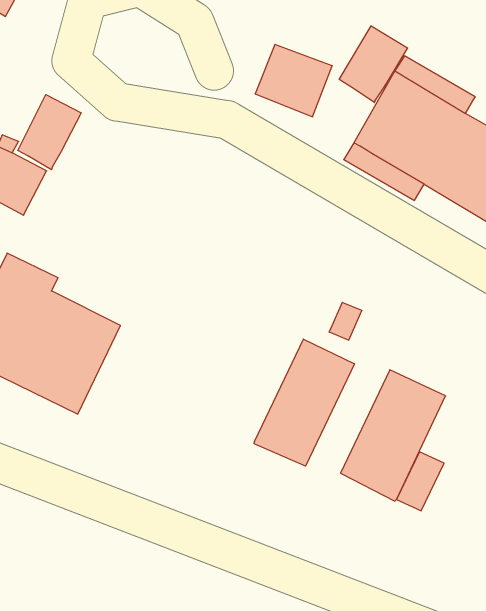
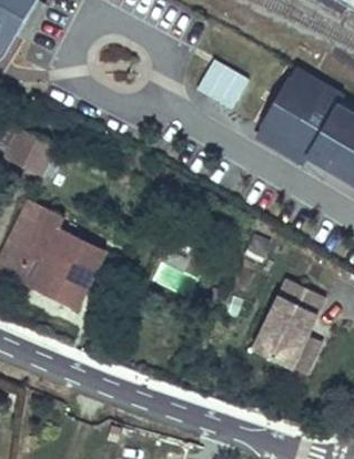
building: [339,26,408,103] -> none
building: [18,95,81,170] -> none
building: [254,339,354,466] -> none

